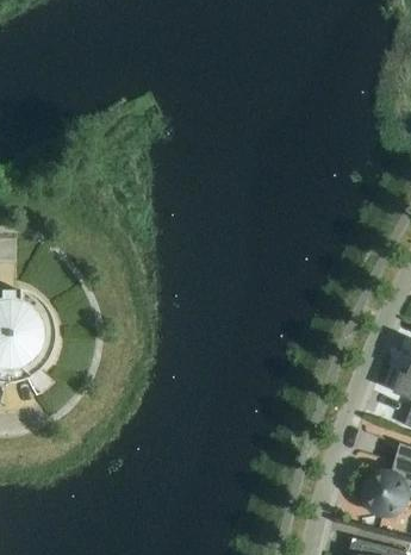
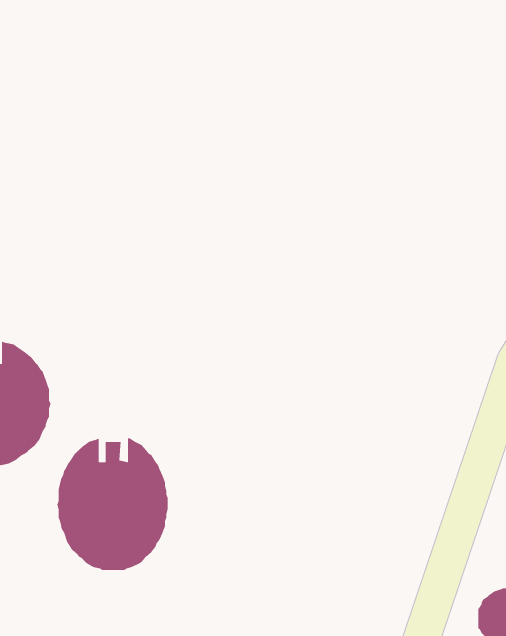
building: none -> [57,438,169,571]

